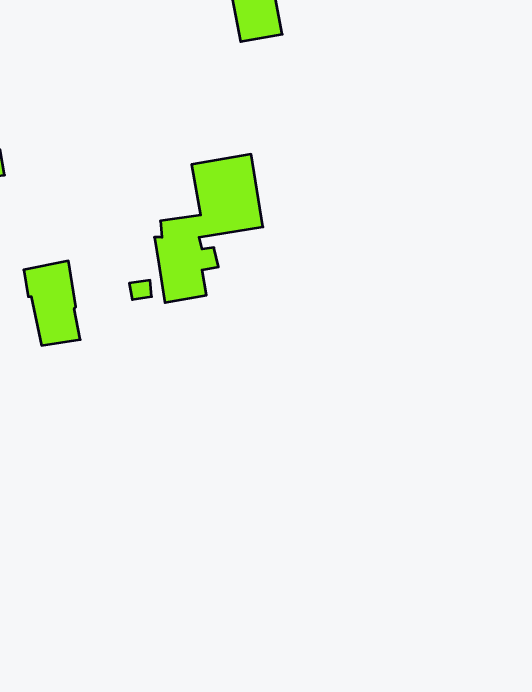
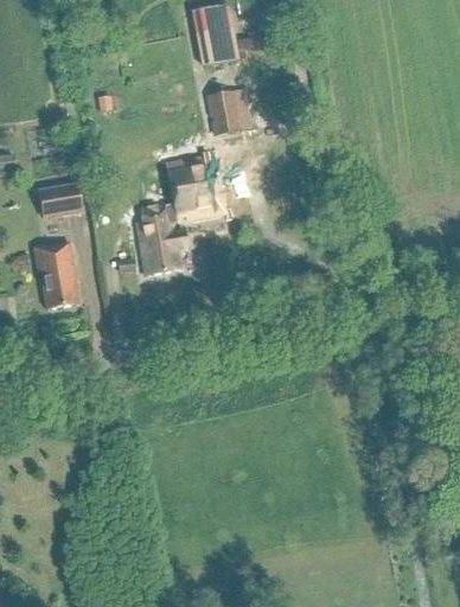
building: none -> [209,87,253,133]
building: none -> [38,183,81,217]

